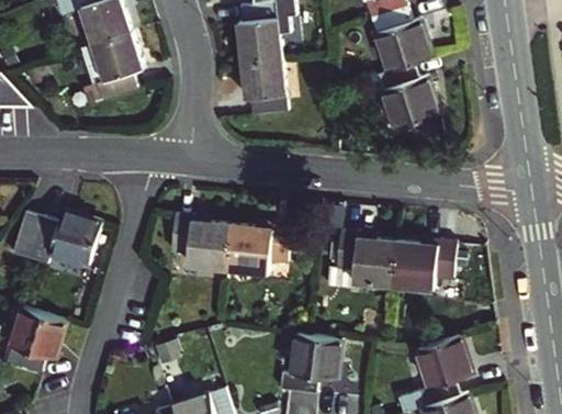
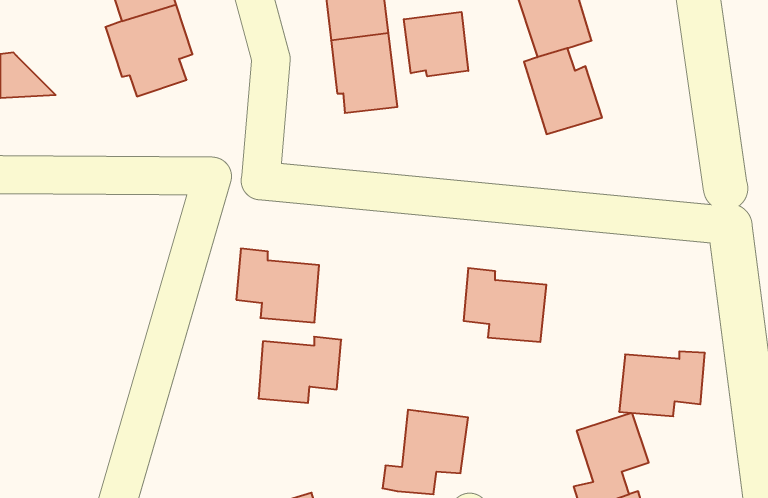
building: none -> [404,12,468,76]
building: [9,217,100,272] -> none
building: [229,222,290,270] -> [258,337,341,403]
building: [394,237,457,284] -> [619,351,705,416]
building: [7,306,67,370] -> none

